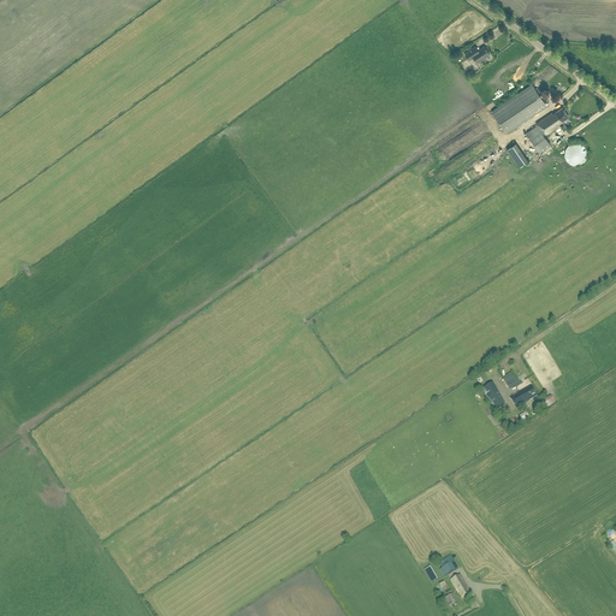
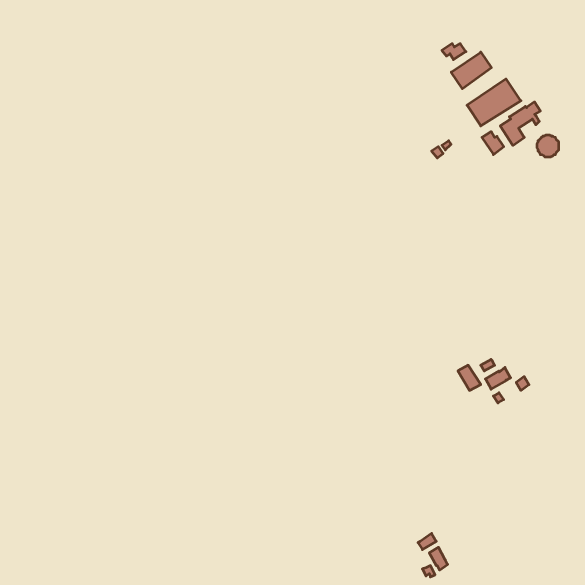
building: none -> [451,52,491,89]

